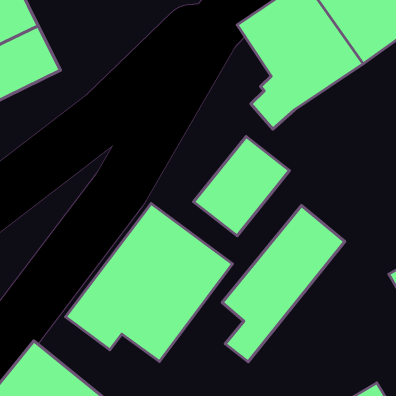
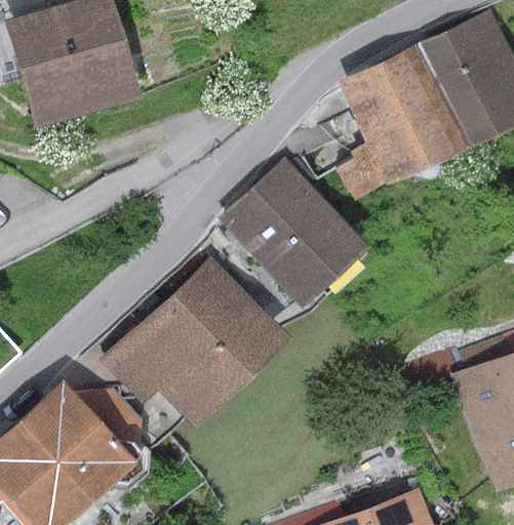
building: none -> [221,158,327,261]
building: [222,205,345,362] -> none

